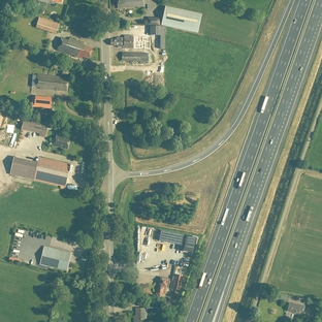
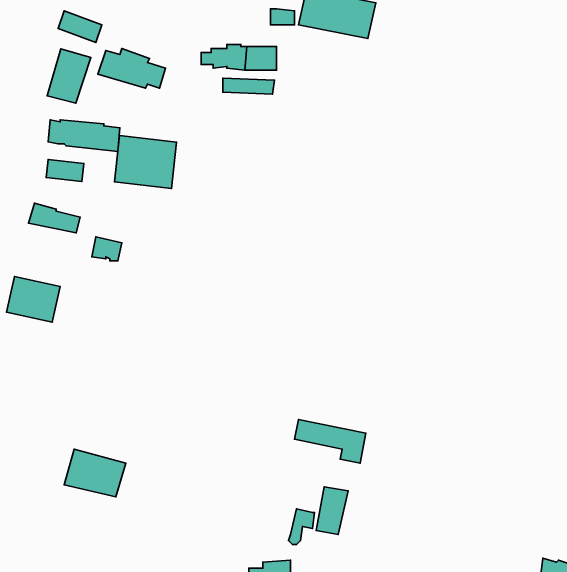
building: none -> [47,49,91,103]
building: none -> [114,136,177,188]
building: [33,157,70,187] -> none

